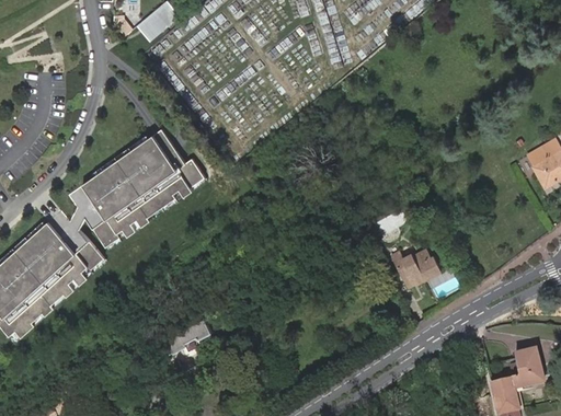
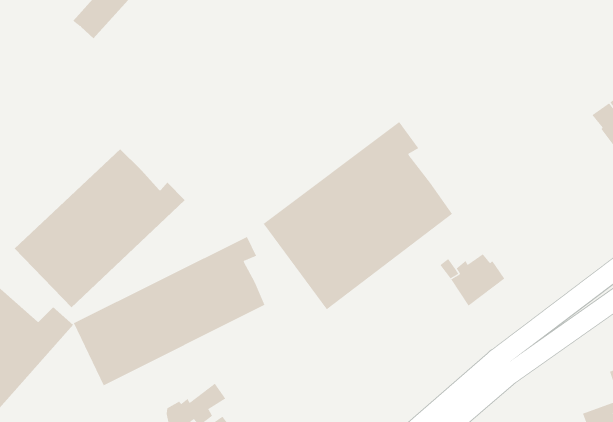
building: none -> [263,121,453,310]
building: none -> [73,236,265,386]

